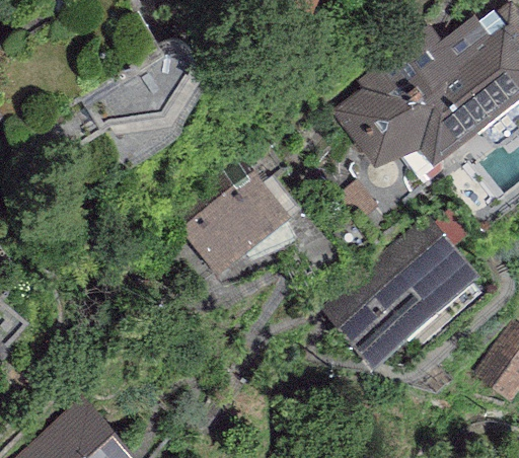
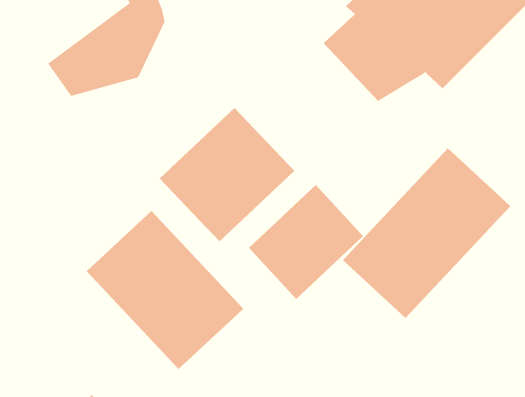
building: none -> [248,184,364,300]
building: none -> [86,210,244,370]

